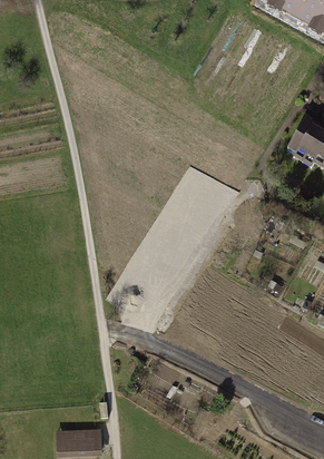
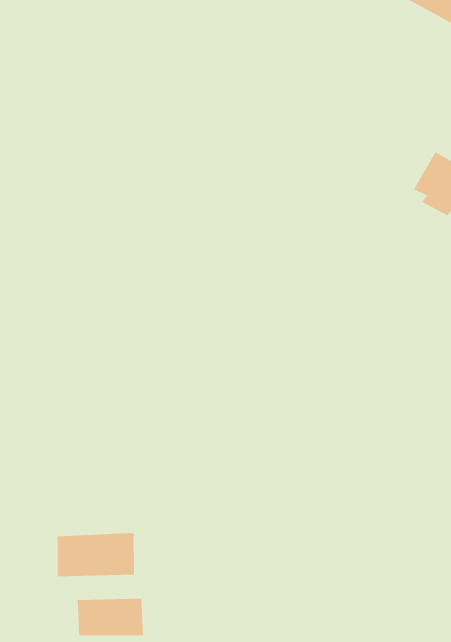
building: none -> [57,532,135,577]

